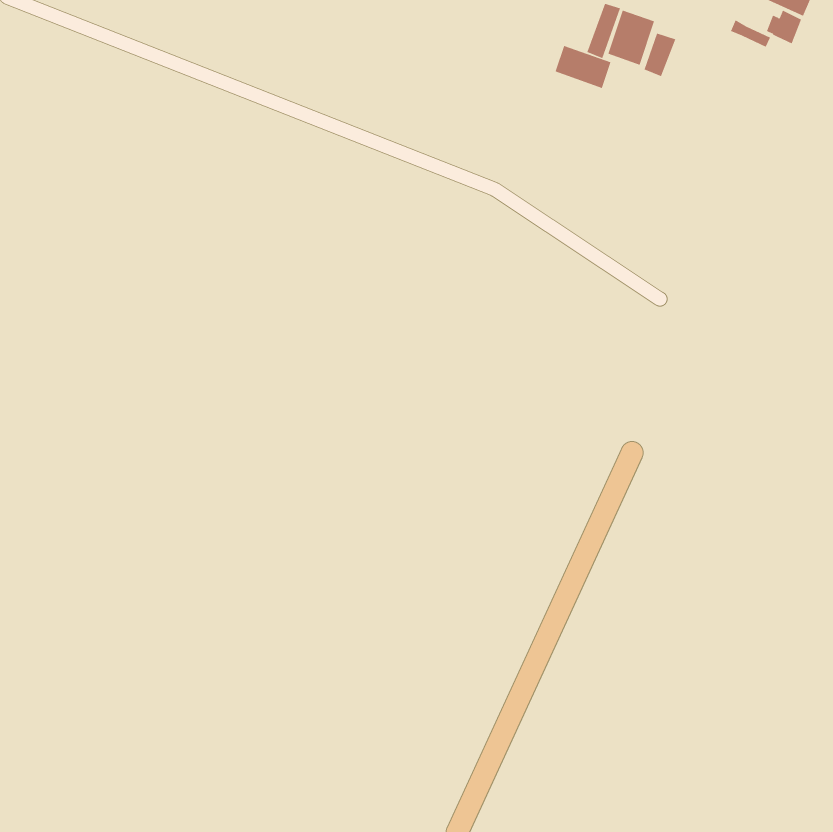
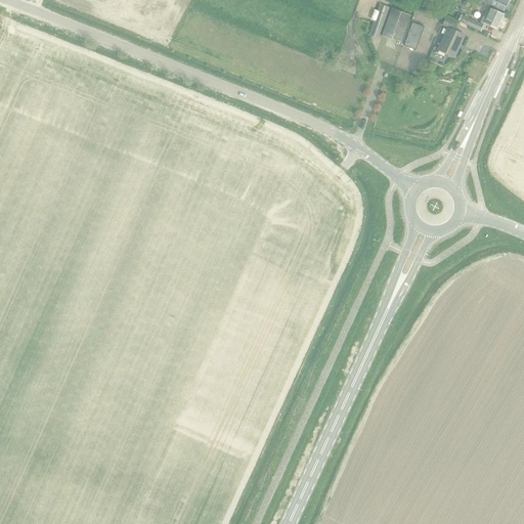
building: none -> [437,17,464,55]
building: [555,45,611,89] -> none

